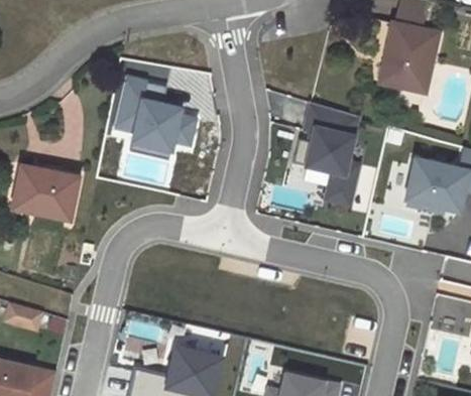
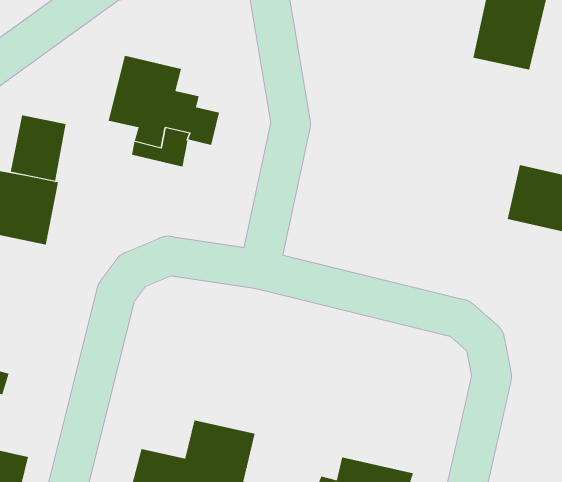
building: [293,103,359,205] -> none
building: none -> [10,115,66,182]

